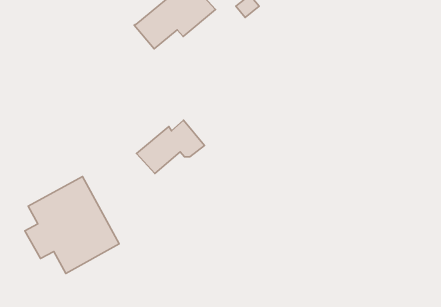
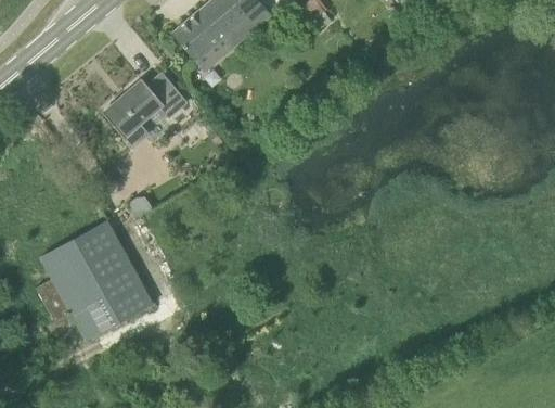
building: [136,120,205,174] -> [103,72,188,138]

